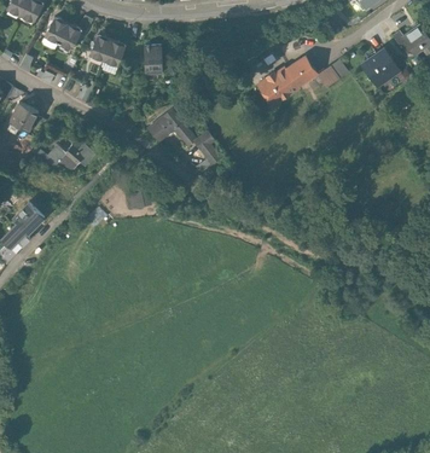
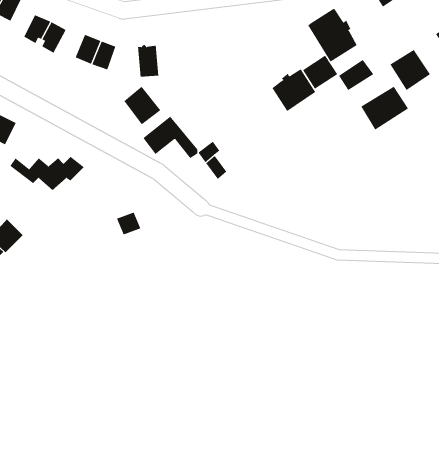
building: none -> [307,8,358,63]
building: none -> [361,86,409,130]
building: none -> [123,86,161,125]

